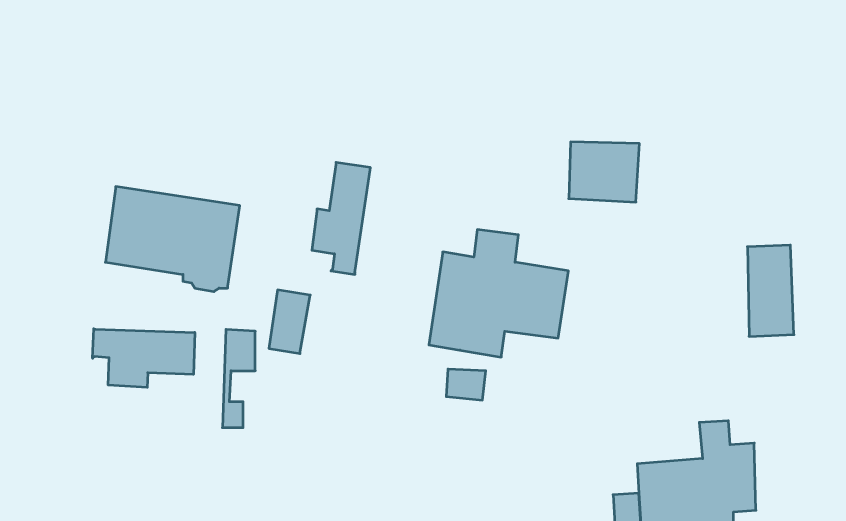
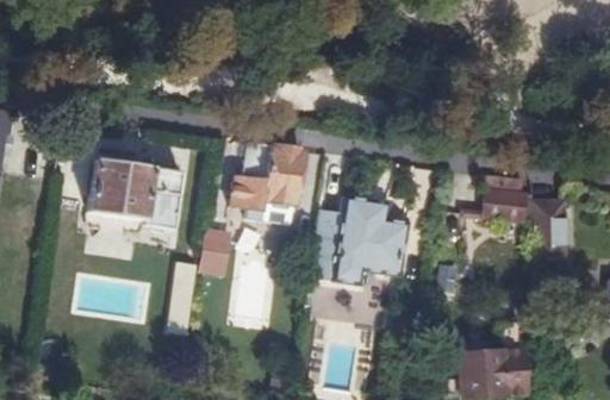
building: [569,142,639,202] -> [480,176,529,218]
building: none -> [262,148,303,225]
building: [93,329,195,387] -> none

